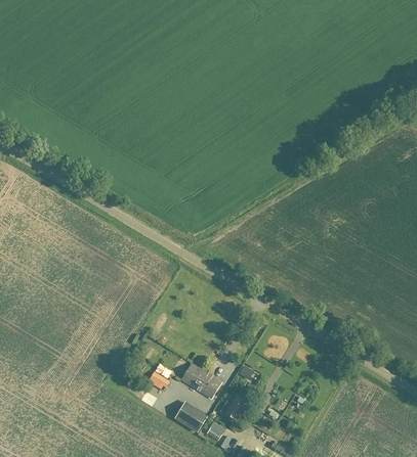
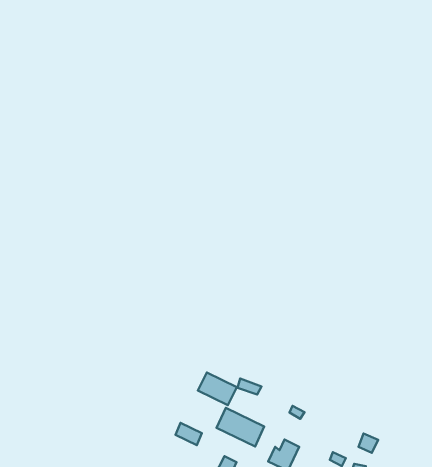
building: none -> [198,373,237,405]

